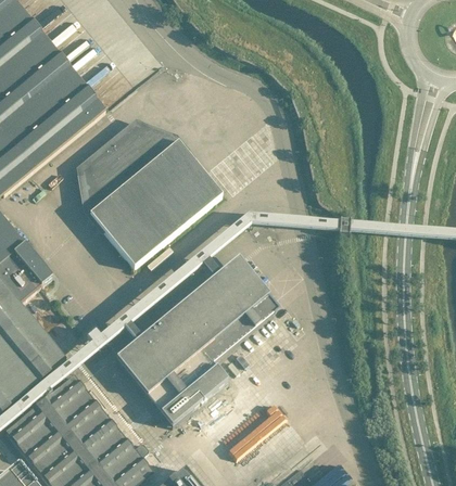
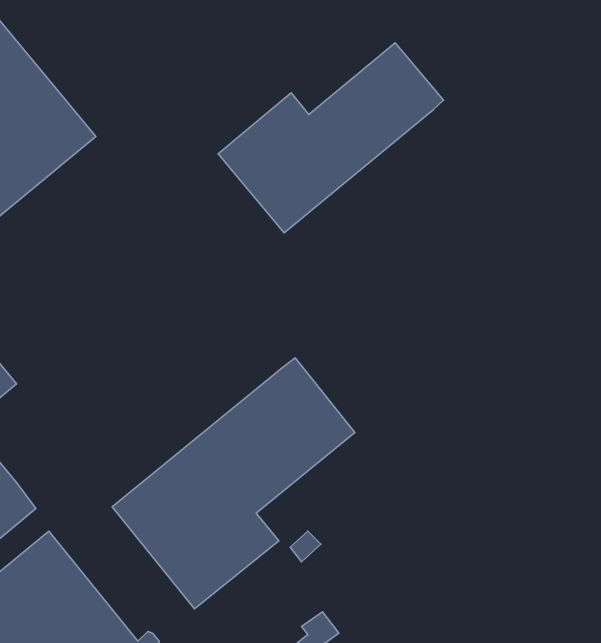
building: none -> [218,43,444,233]
building: [76,116,223,266] -> none

